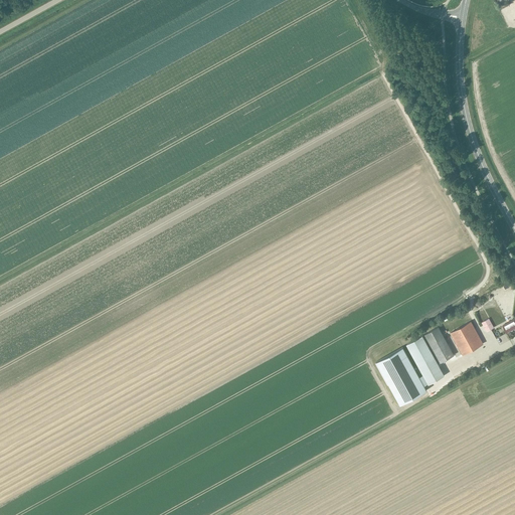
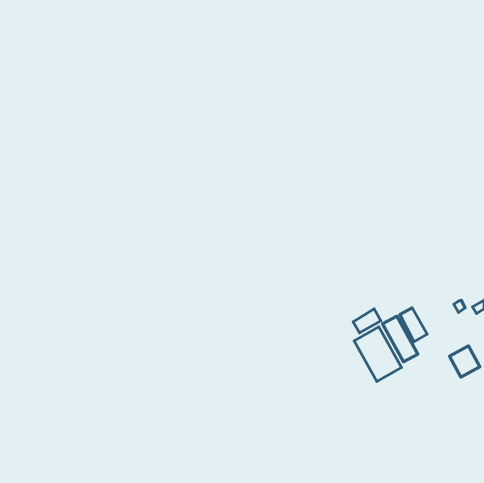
building: [451,323,483,356] -> [450,346,480,377]
building: none -> [353,309,381,333]

